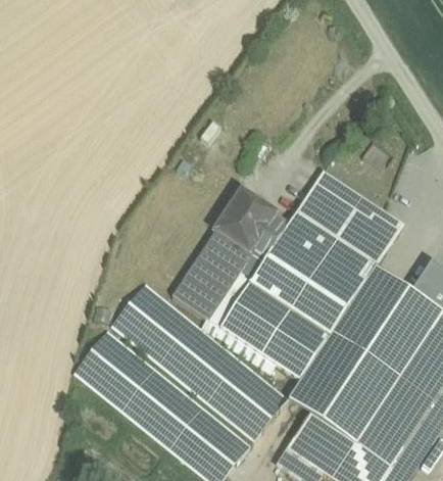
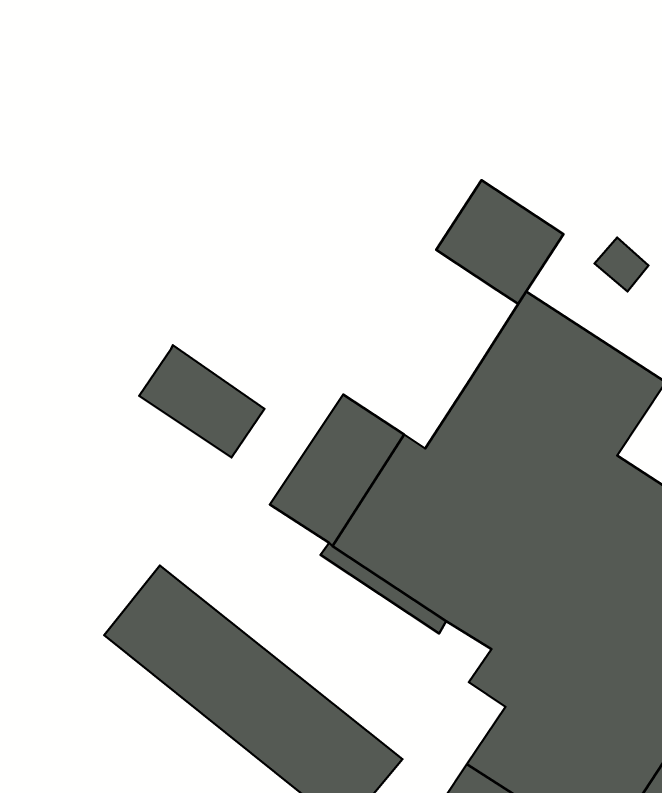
building: [215,191,290,263] -> [436,180,564,304]
building: none -> [139,345,264,457]
building: [112,283,288,440] -> none

